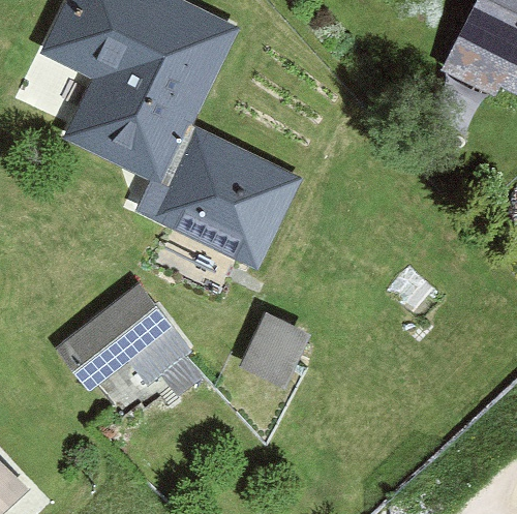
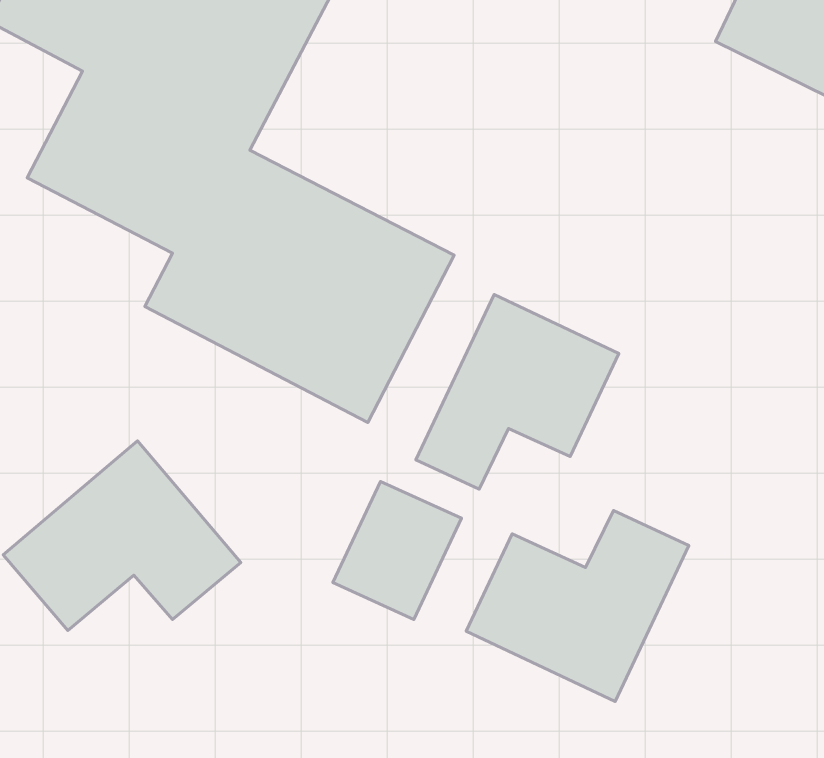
building: none -> [416,294,619,489]
building: none -> [466,510,689,702]

